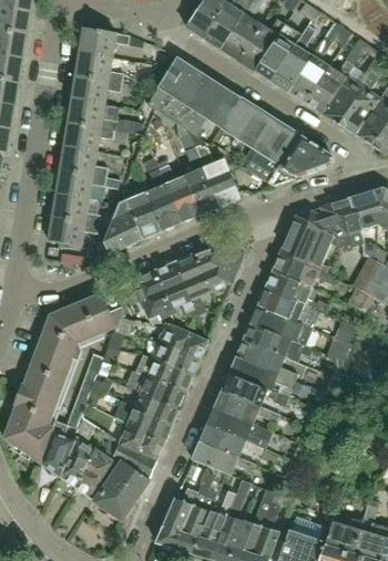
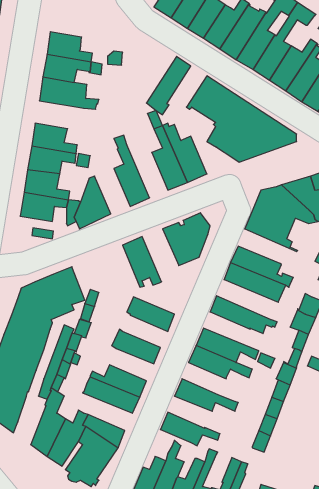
building: [79,27,144,56] -> none
building: [146,56,208,124] -> none
building: [198,86,239,129] -> none
building: [63,122,113,150] -> none
building: [157,164,200,221] -> none
building: [124,188,161,238] -> none
building: [173,252,214,314] -> none
building: [272,253,333,289] -> none
building: [134,270,171,323] -> none
building: [249,305,313,346] -> none
building: [150,339,200,375] -> none
building: [236,339,295,378] -> none
building: [125,370,185,409] -> none
building: [214,391,278,424] -> none
building: [104,418,163,460] -> none
building: [41,420,75,475] -> none
building: [200,425,262,458] -> none

